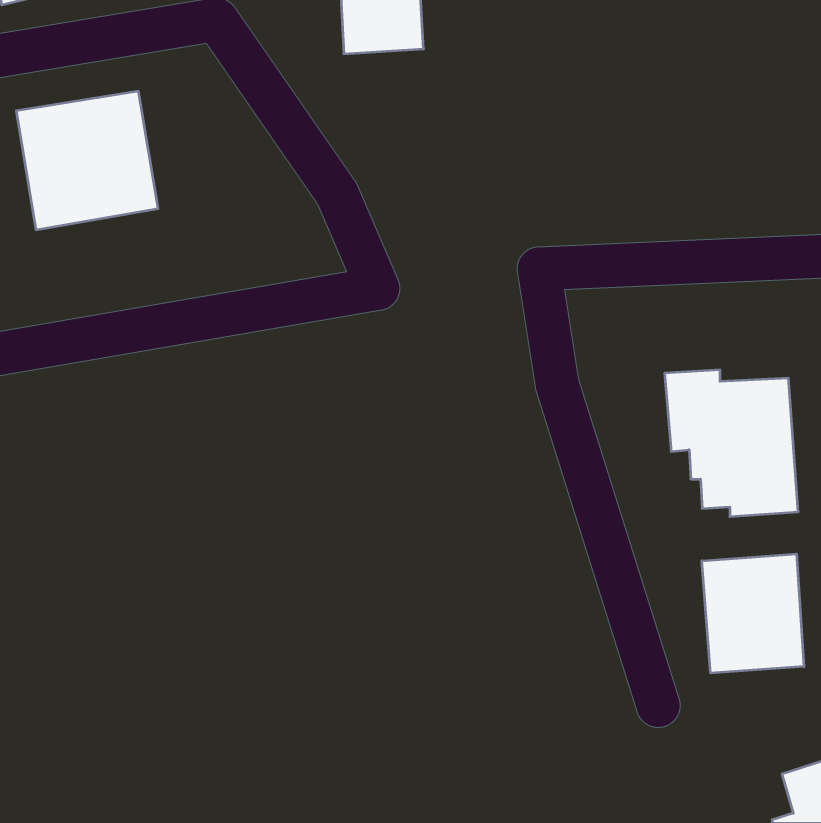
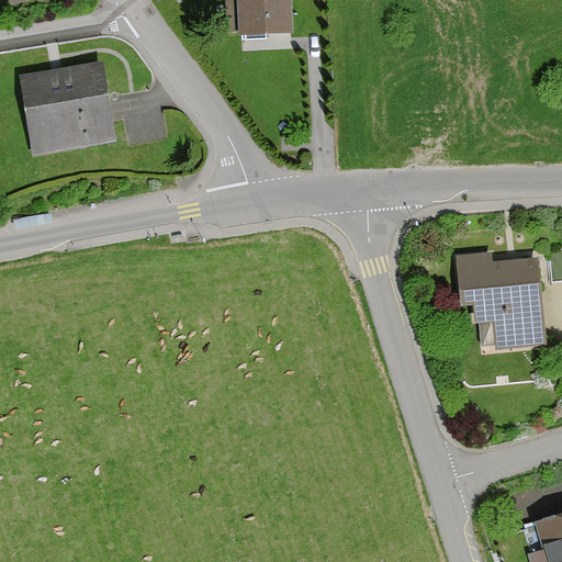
building: [702,554,804,673] -> none

